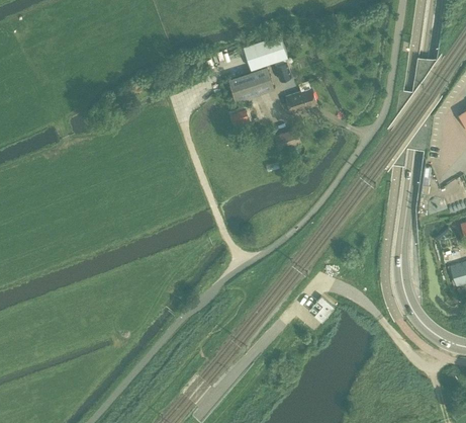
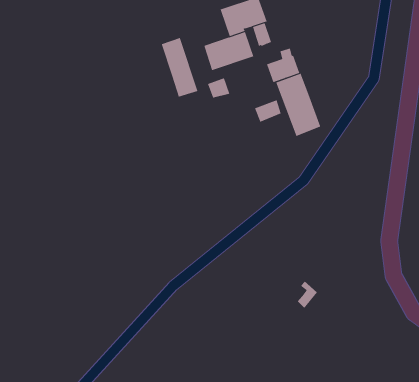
building: none -> [161,37,198,97]
building: none -> [276,73,321,137]

